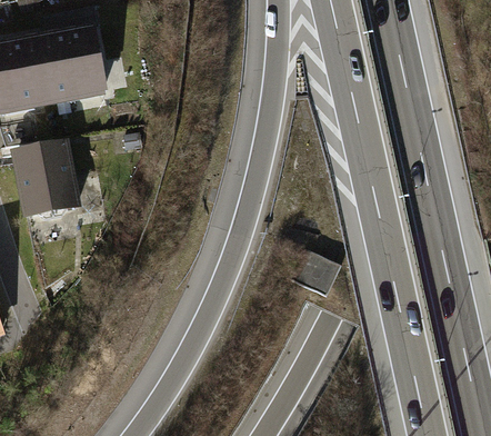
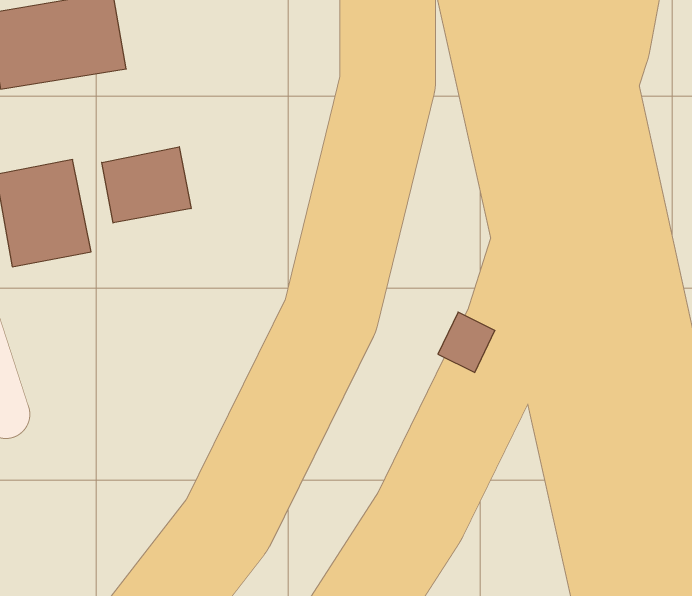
building: none -> [102,147,191,223]

